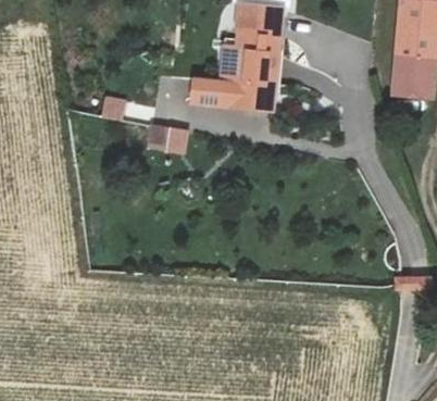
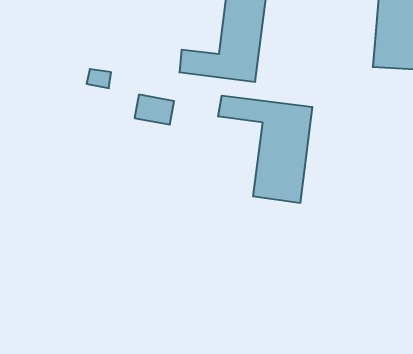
building: none -> [218,96,312,203]

